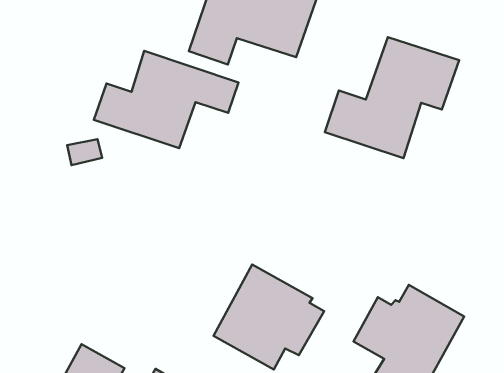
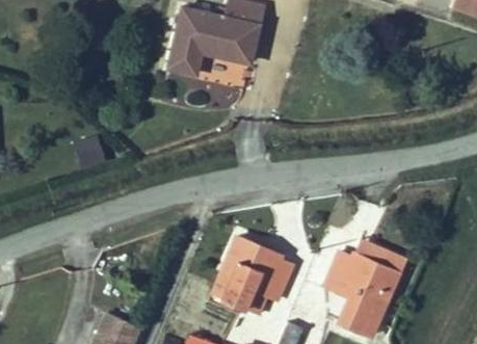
building: [325,37,459,158] -> none
building: [94,51,238,148] -> none

